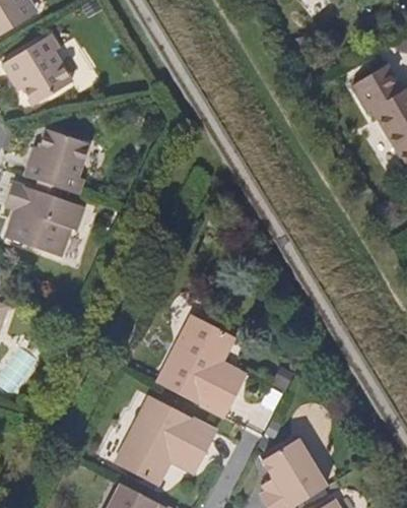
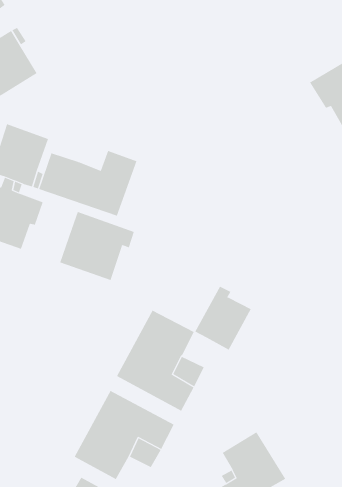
building: none -> [38,150,137,217]
building: none -> [59,211,135,281]
building: none -> [195,286,251,350]

